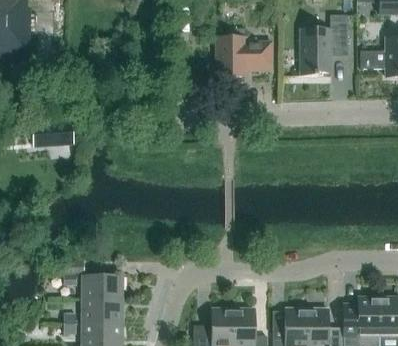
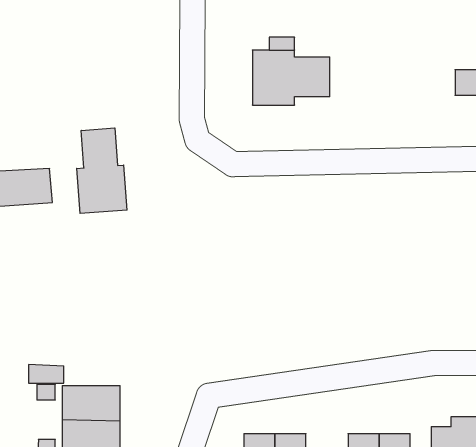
building: [293,15,347,76] -> none
building: none -> [77,128,127,213]

